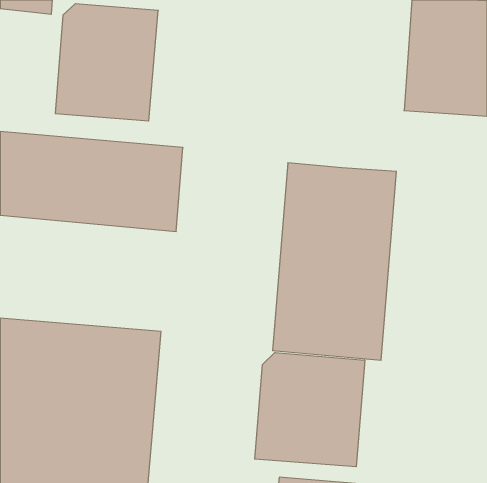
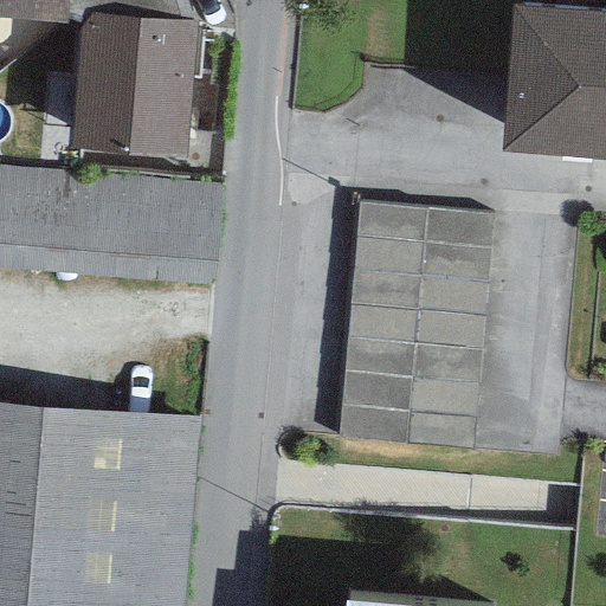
building: [255,352,365,467] -> none

